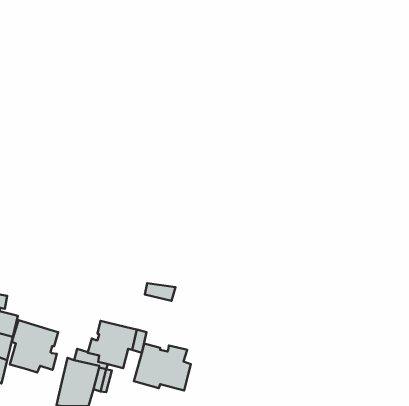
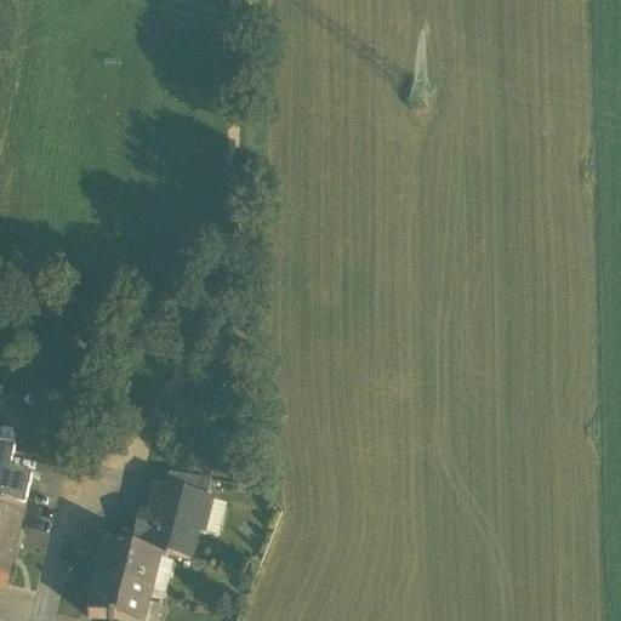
building: [145,283,175,301] -> [161,469,207,496]
building: [10,320,58,372] -> none
building: [134,344,191,390] -> none

